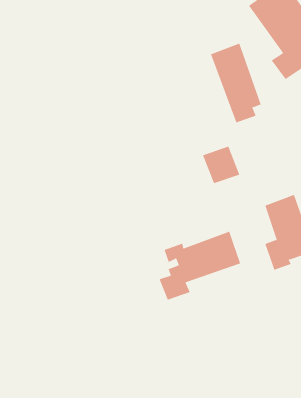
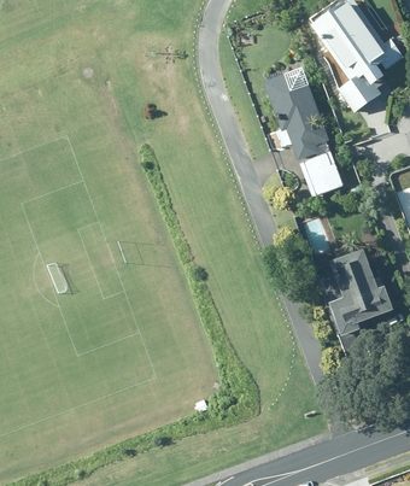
building: [202,146,240,184] -> [300,151,345,195]
building: [159,231,241,300] -> none

